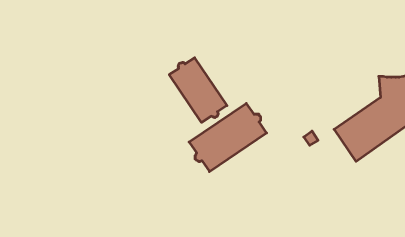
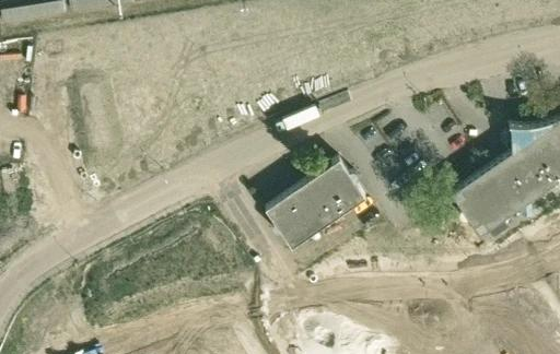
building: [169,58,227,122] -> none

